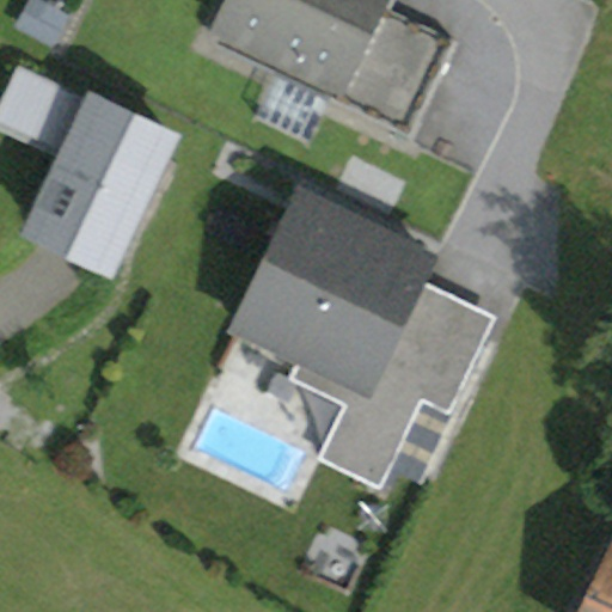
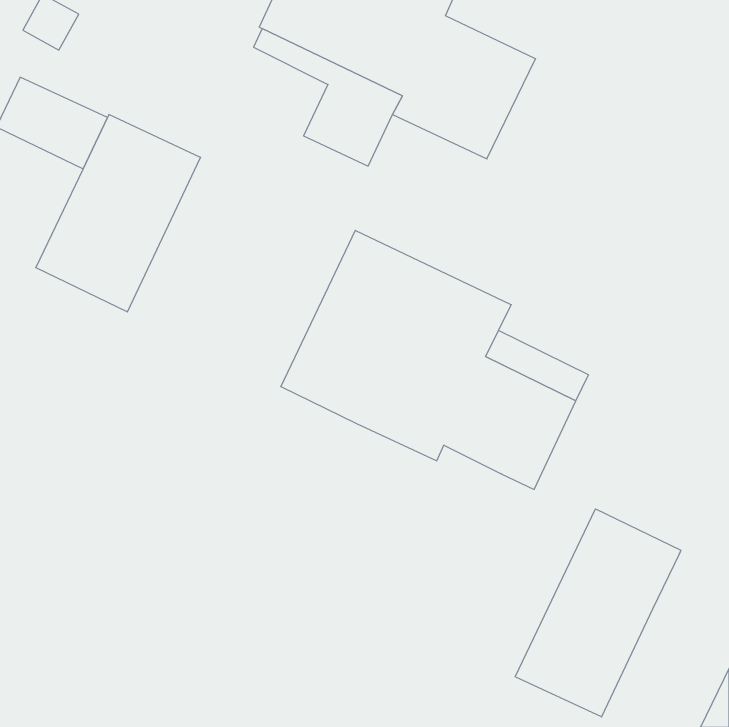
building: [287,354,418,483] -> none
building: none -> [515,509,681,717]

